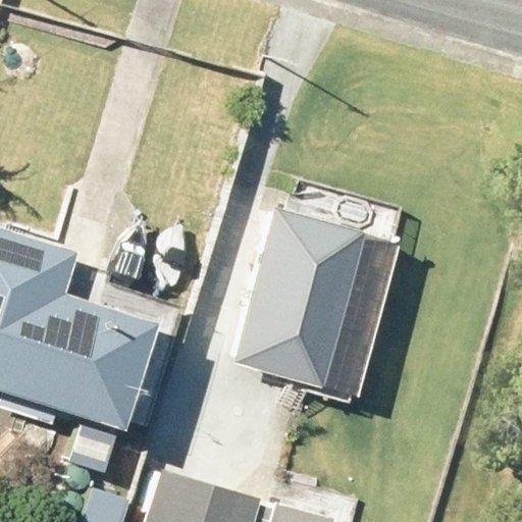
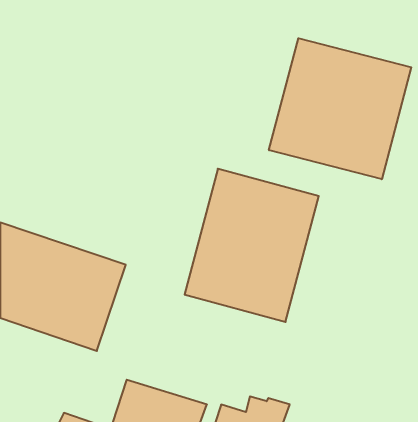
building: none -> [269,38,411,179]

